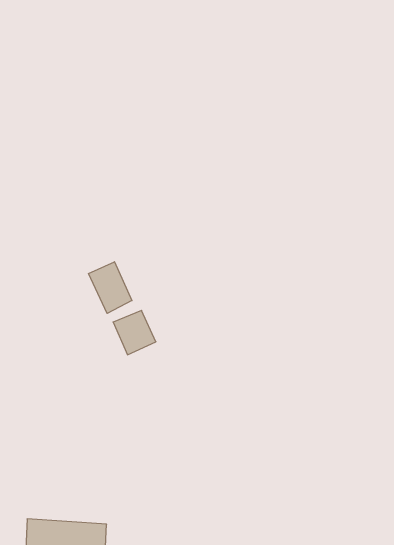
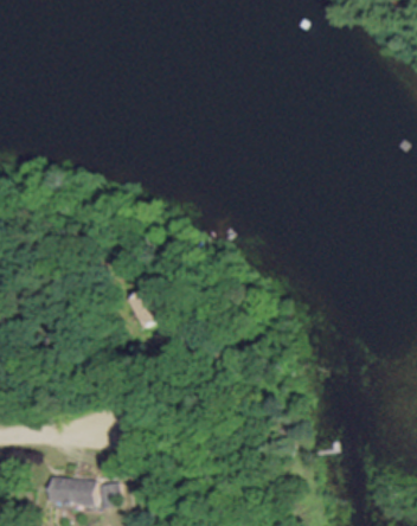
building: [89,262,132,313] -> none

